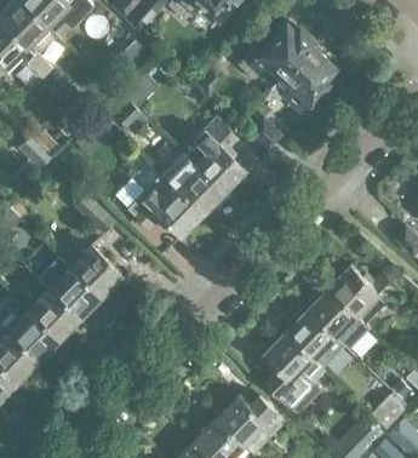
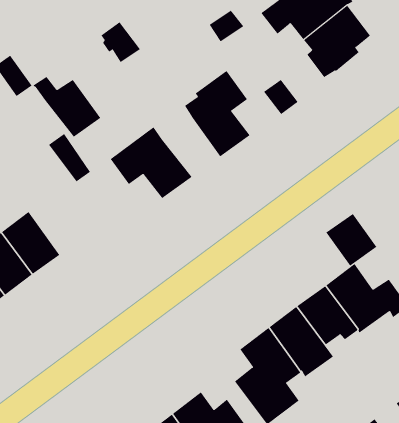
building: [159,164,222,213] -> [32,76,101,138]
building: none -> [325,213,377,267]
building: [67,244,121,298] -> none

